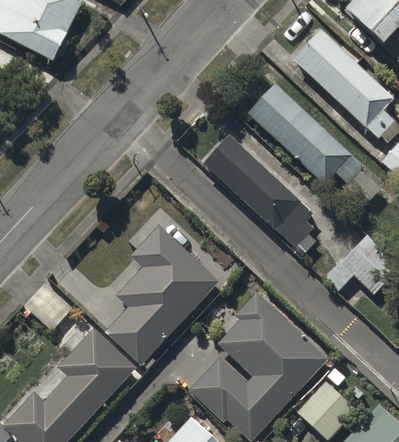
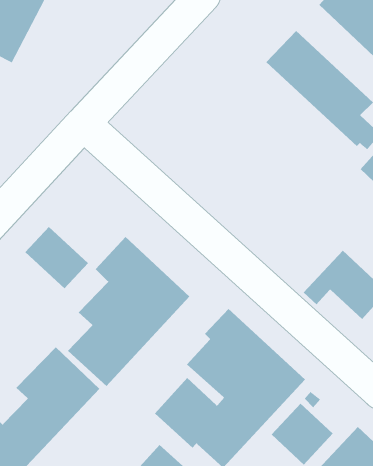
building: [247,81,365,183] -> none
building: [202,132,321,247] -> none
building: none -> [25,226,89,289]

